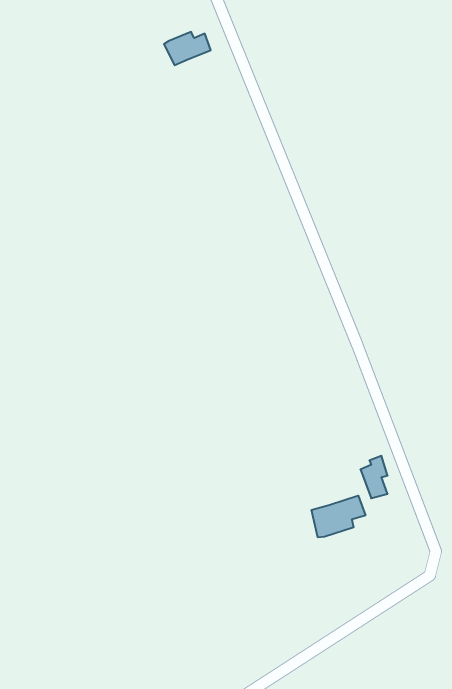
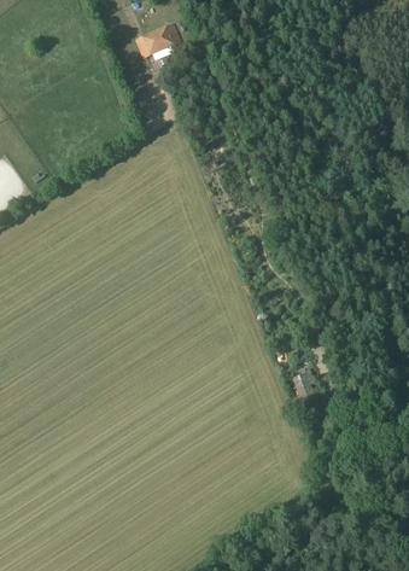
building: [312,496,365,537] -> none

